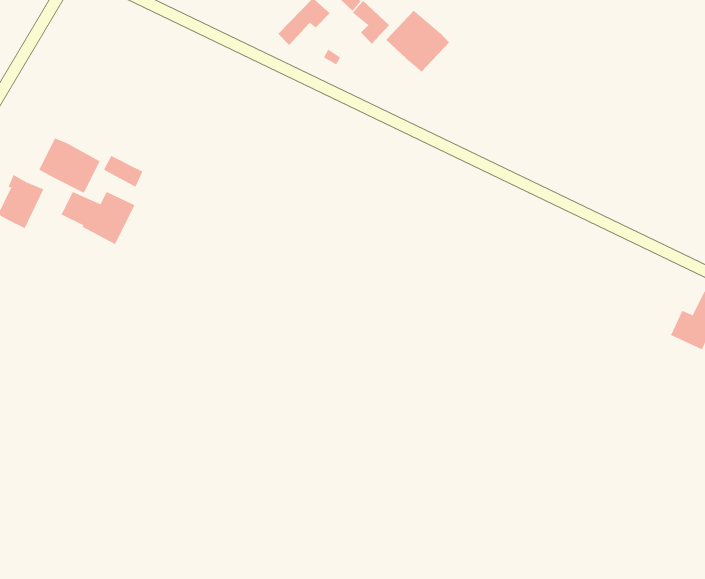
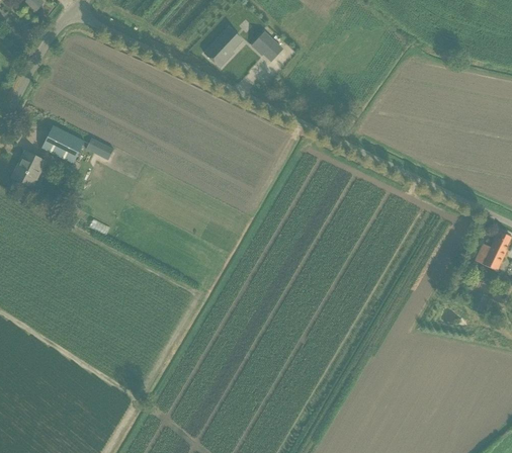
building: [386,10,450,73] -> none
building: [61,191,135,245] -> none

